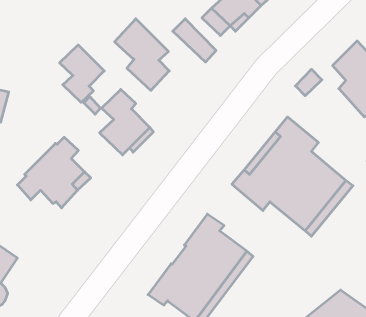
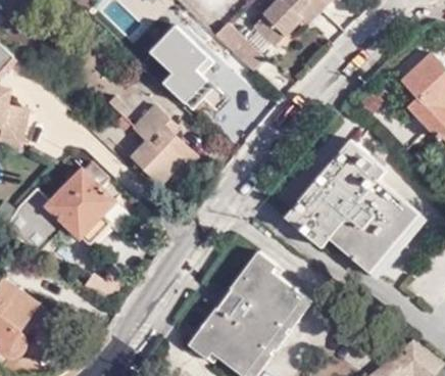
building: [60,45,104,102] -> none

